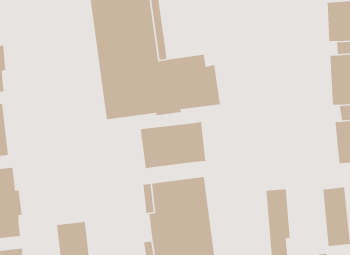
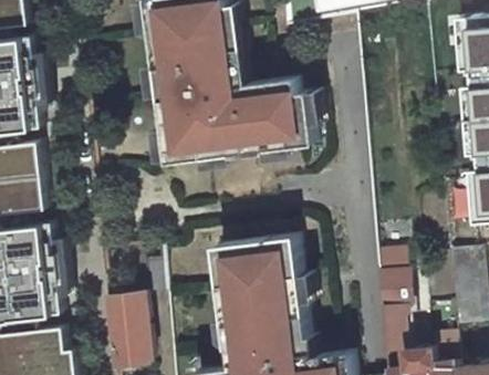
building: [140,121,206,169] -> none

